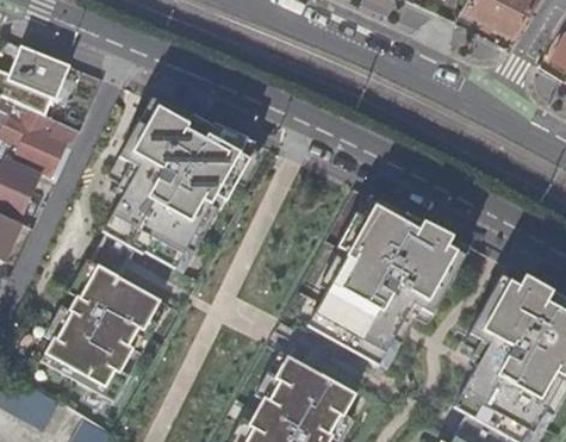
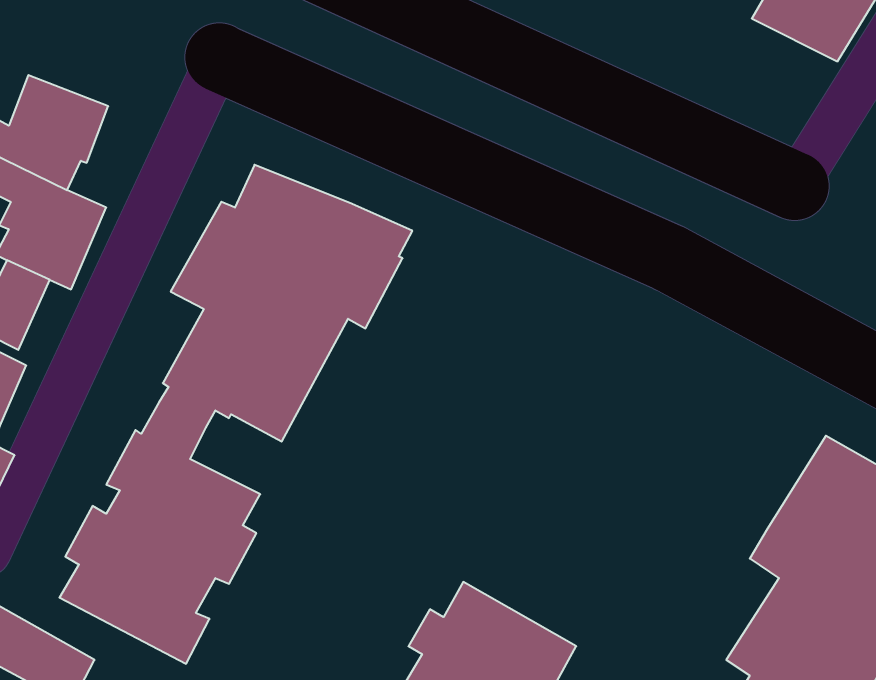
building: [306,199,471,367] -> none

